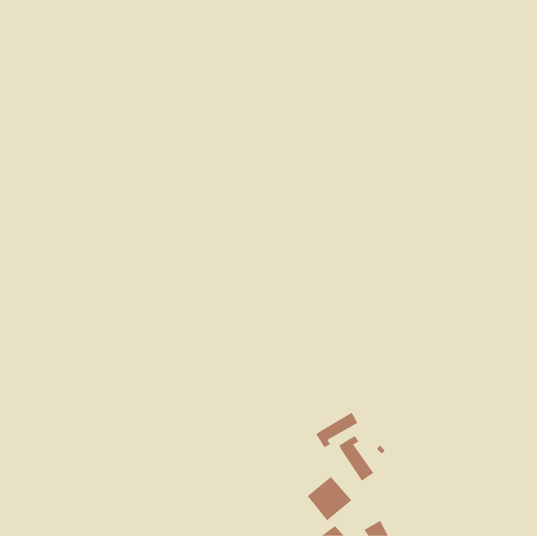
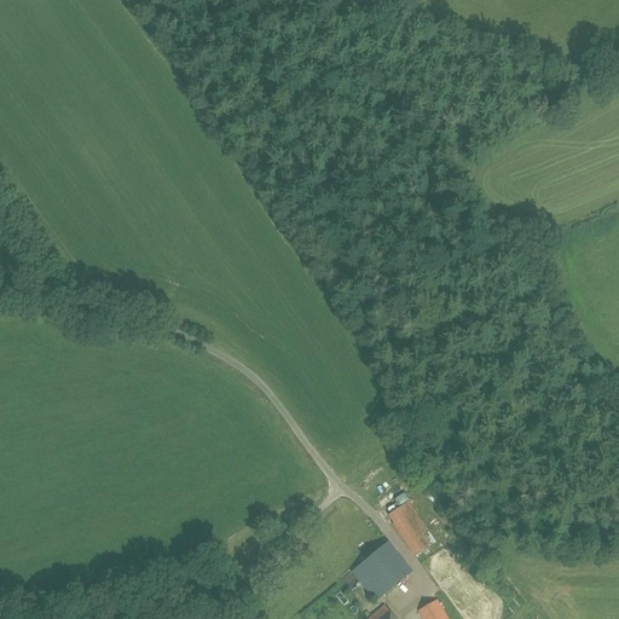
building: [316,412,358,448] -> none

